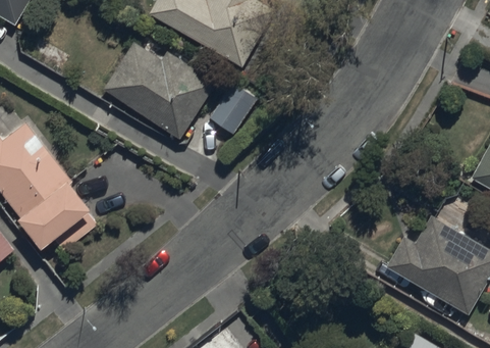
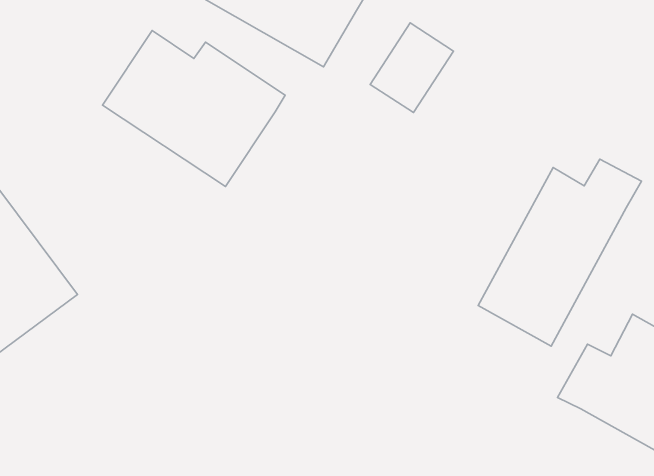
building: [208,81,259,136] -> [370,23,453,113]
building: none -> [478,159,642,346]

